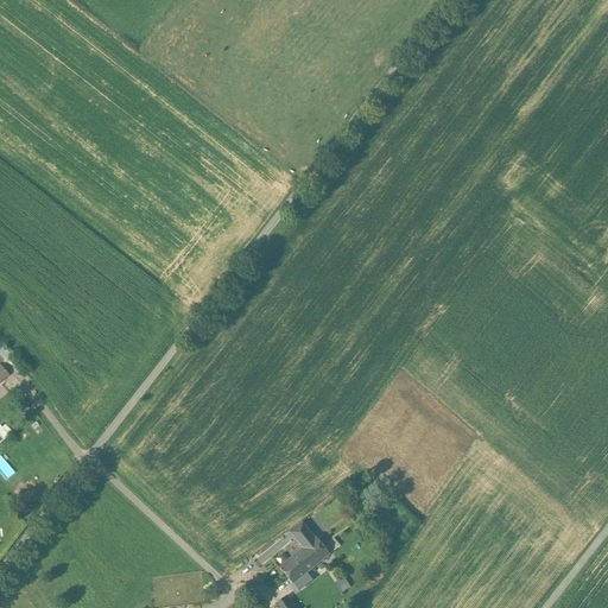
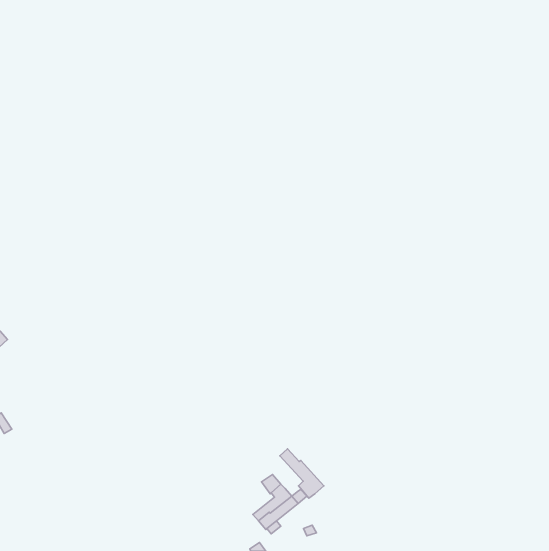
building: none -> [280,449,324,498]

